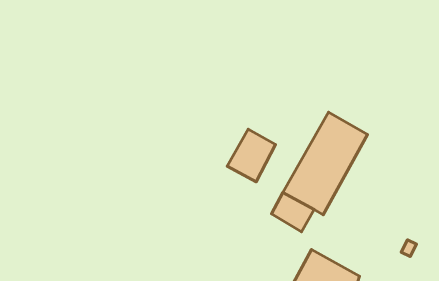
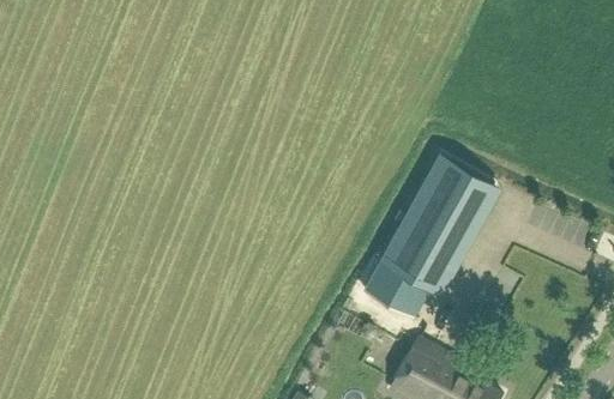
building: [227,129,275,182] -> none

